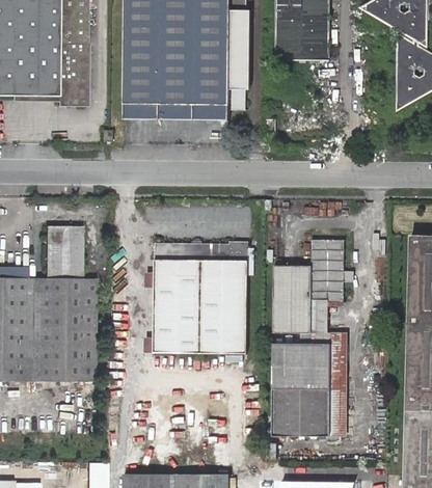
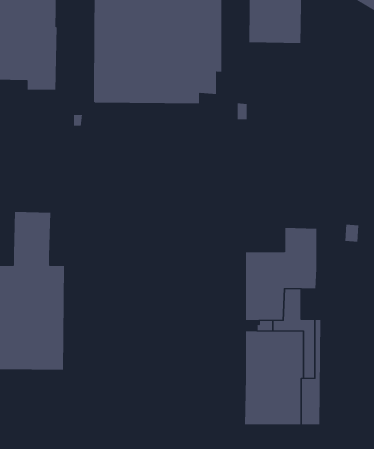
building: [154,241,247,353] -> none

